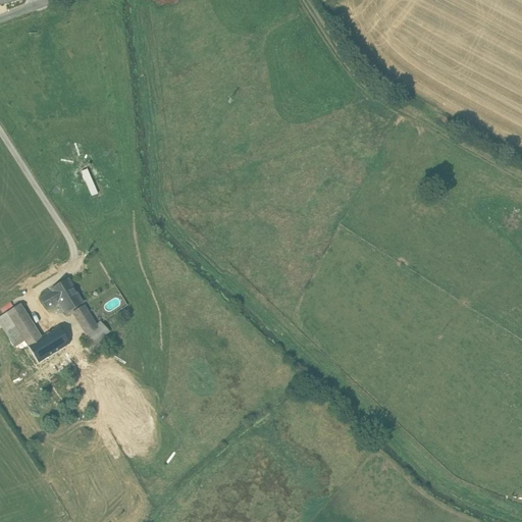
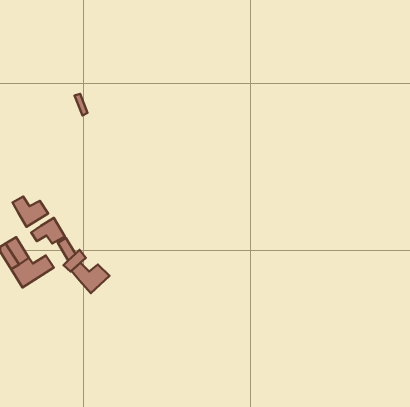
building: none -> [13,196,48,227]
building: none -> [71,263,109,293]

